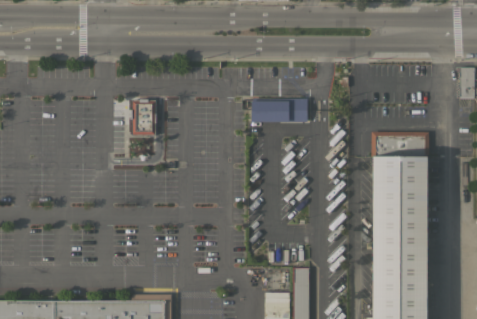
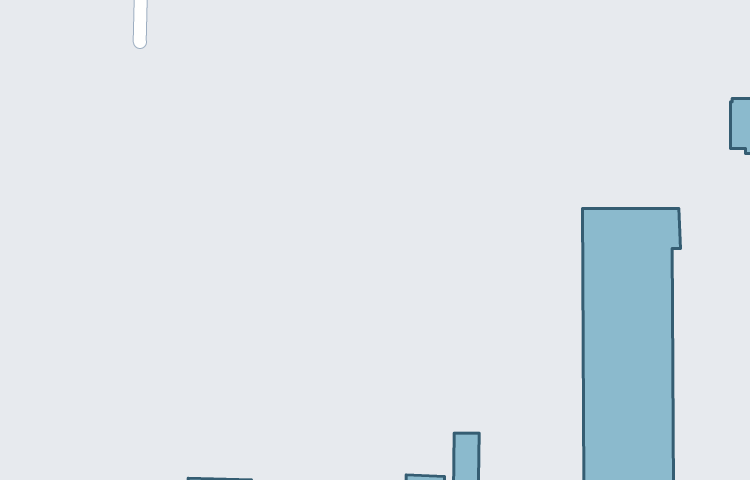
building: [251,99,307,122] -> none
building: [133,100,156,135] -> none

